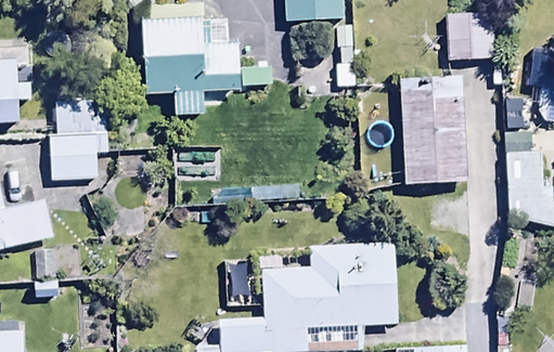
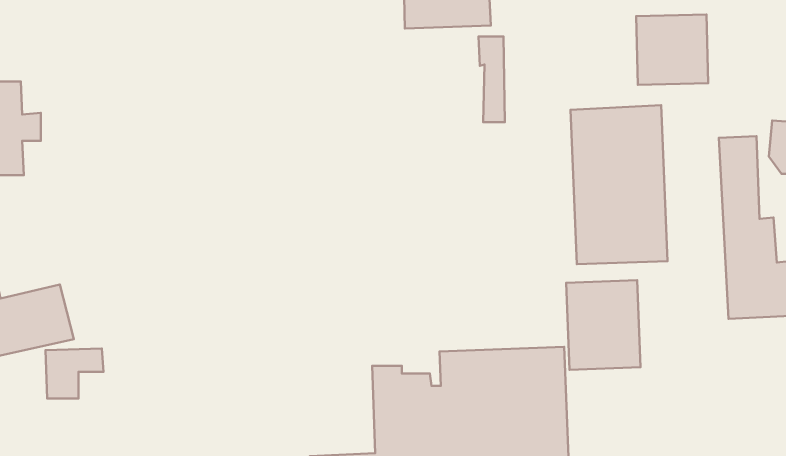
building: [141,16,271,114] -> none
building: [51,102,108,181] -> none
building: none -> [566,280,641,370]

